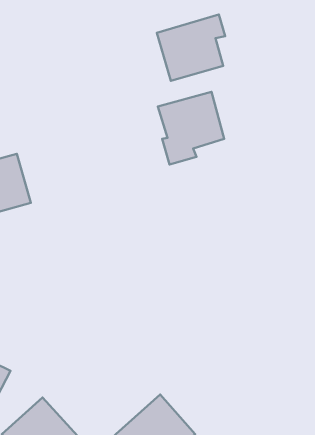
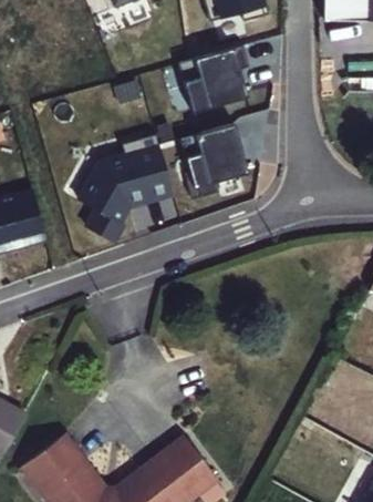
building: none -> [80,135,174,243]

